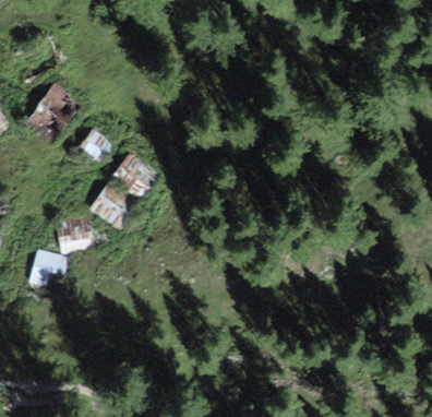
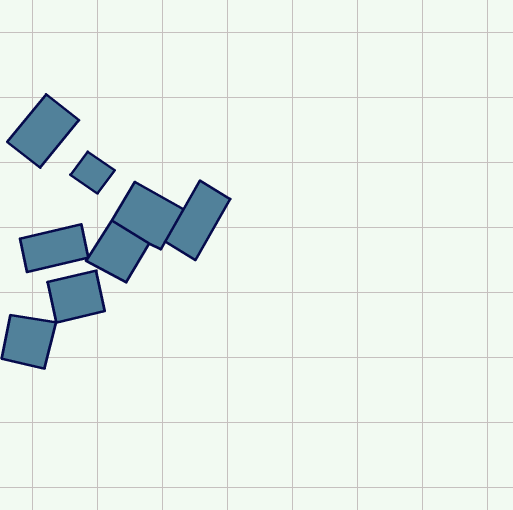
building: none -> [165,181,230,260]
building: none -> [20,224,88,272]

